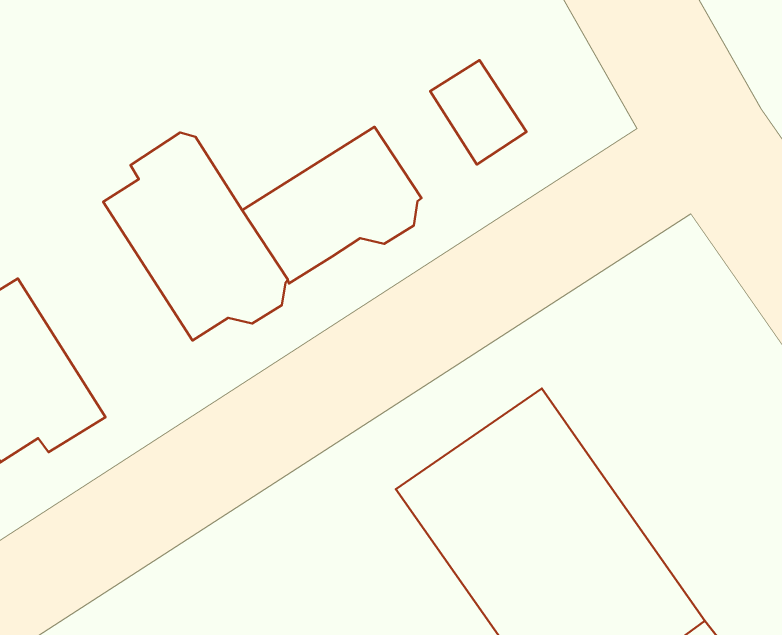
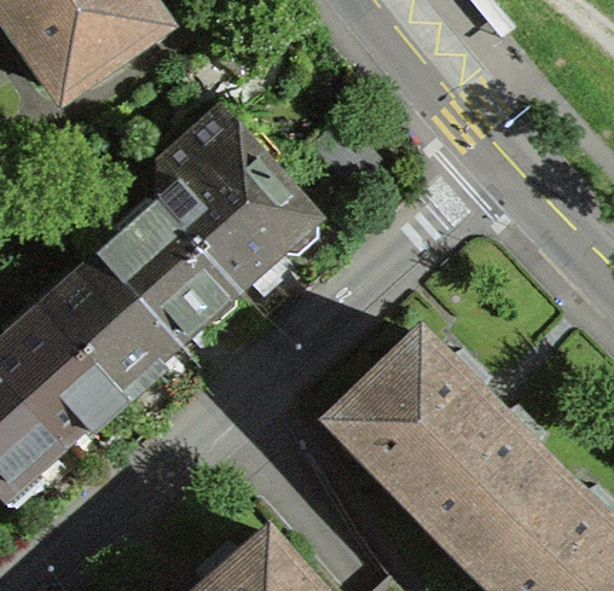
building: none -> [152,114,273,250]
building: none -> [47,260,173,406]

